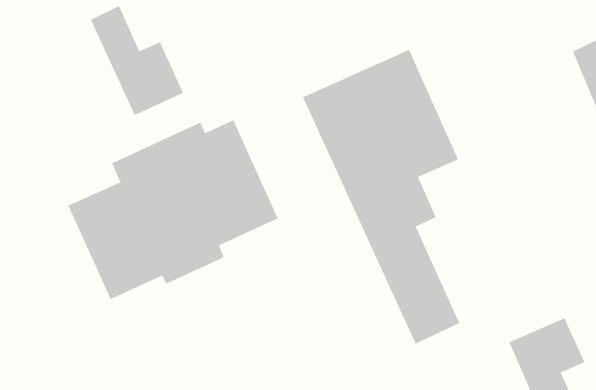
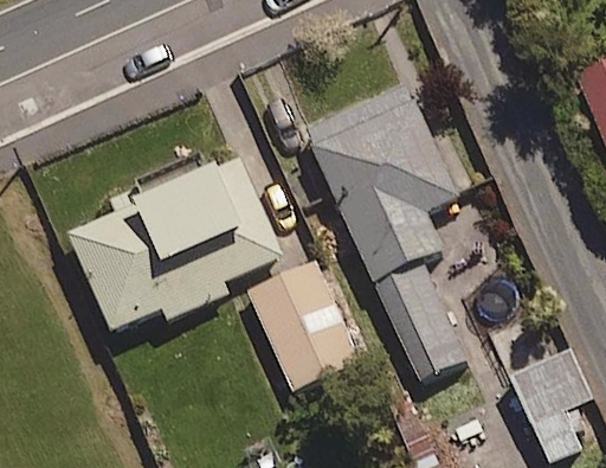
building: [90,5,184,116] -> none
building: none -> [247,259,363,389]

